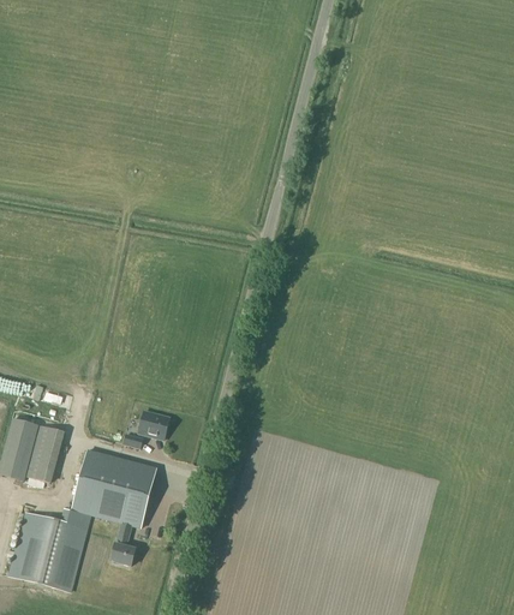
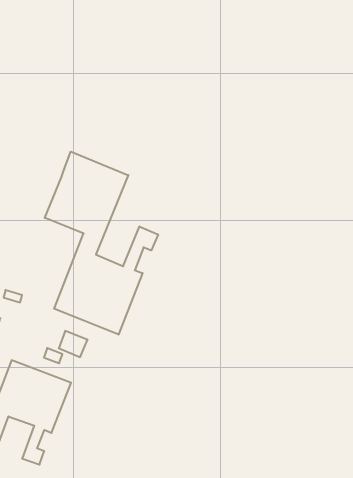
building: none -> [45,152,158,335]

